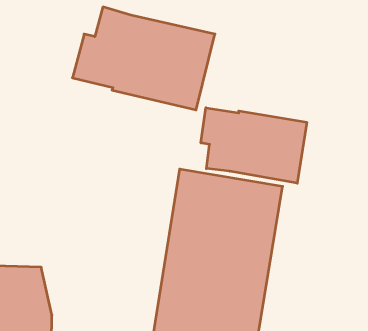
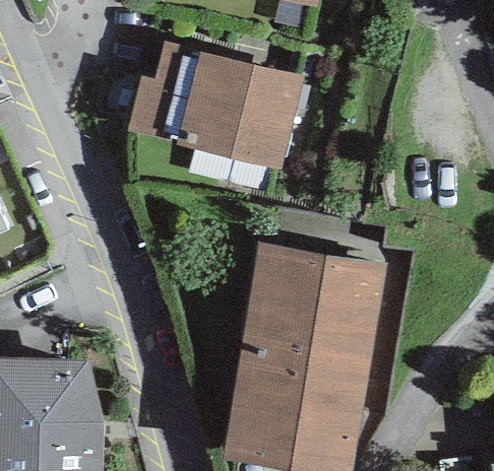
building: [201,108,307,183] -> none

